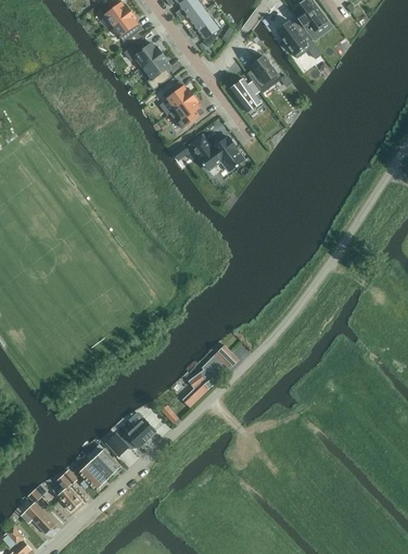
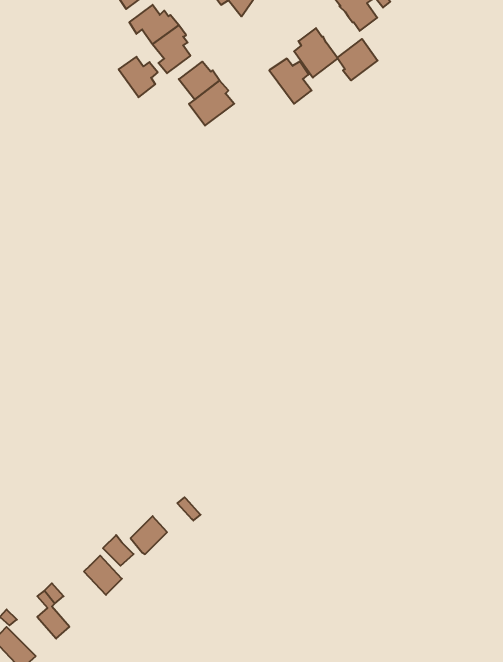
building: none -> [337,39,378,80]
building: none -> [119,57,158,97]
building: [190,134,243,169] -> none
building: [181,343,239,406] -> none
building: [78,459,107,489] -> none

